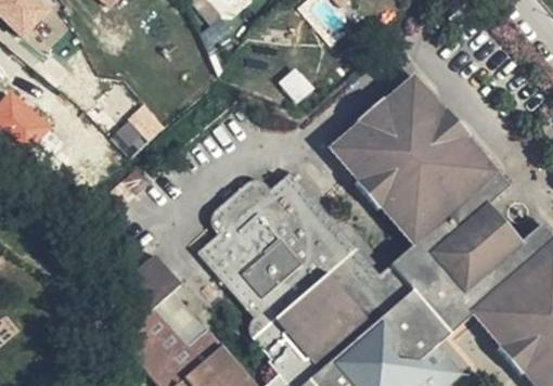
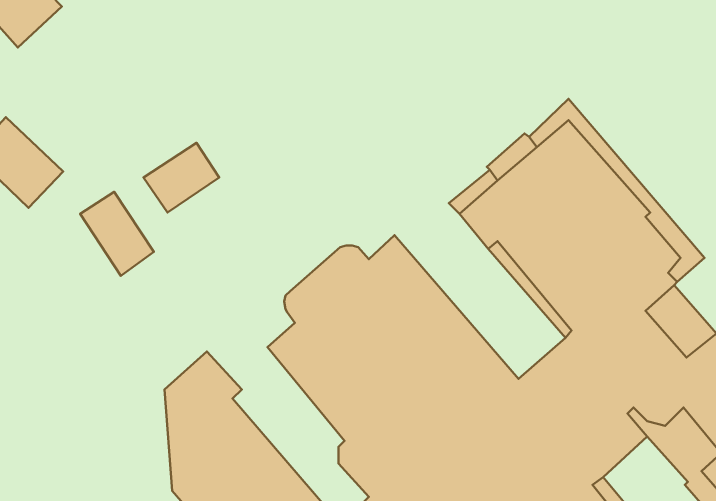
building: none -> [80,192,154,276]

